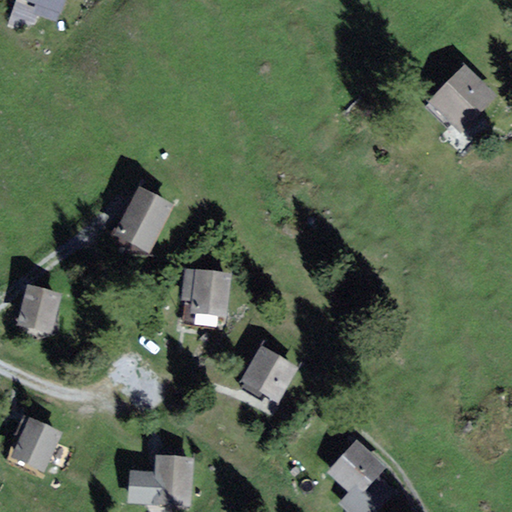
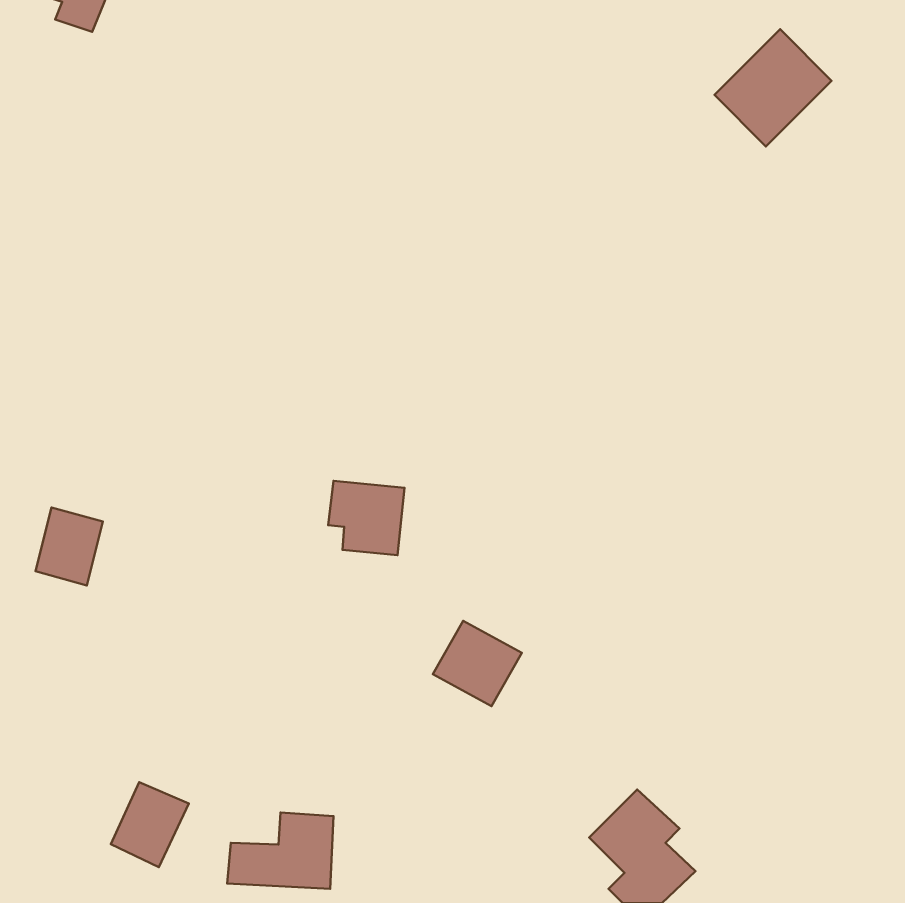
building: [428,66,494,132] -> [714,29,832,146]
building: [118,191,169,249] -> none
building: [13,420,57,468] -> [111,782,189,867]

